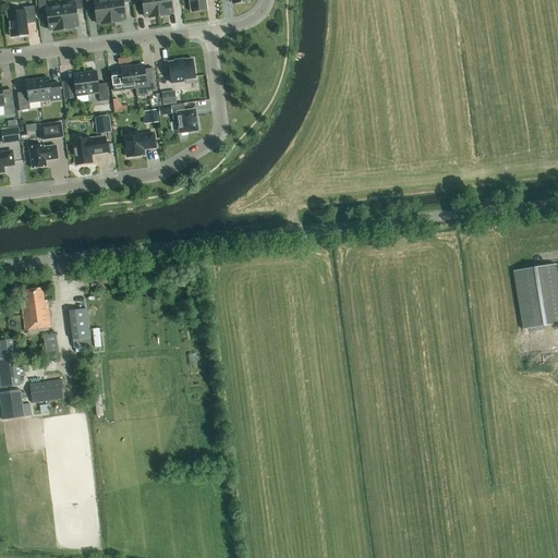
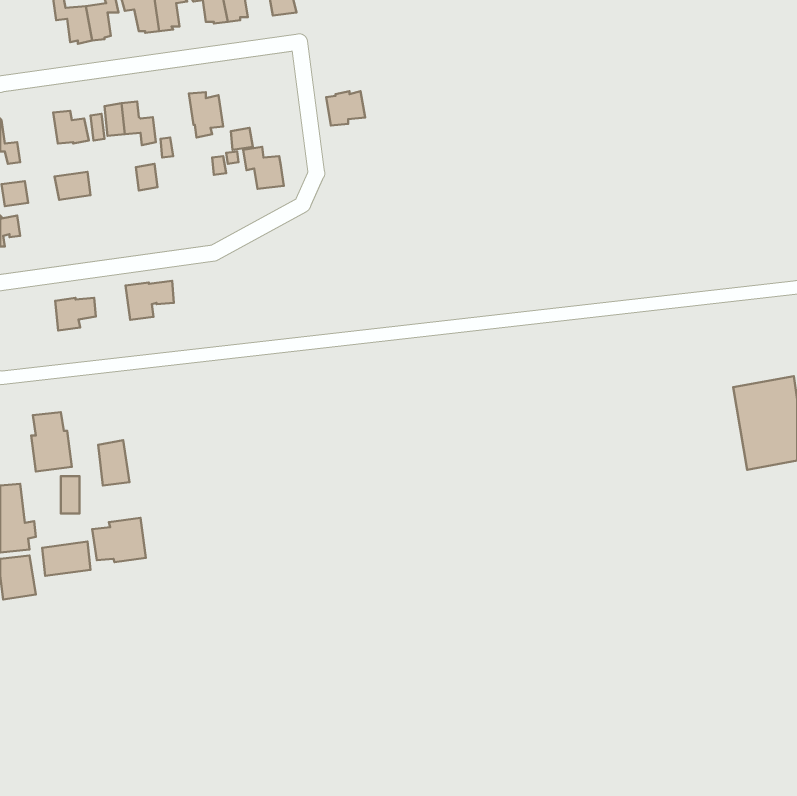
building: [8,5,36,36] -> none
building: [168,58,195,82] -> [326,91,365,125]
building: [111,65,135,90] -> none
building: [17,78,40,110] -> none
building: [124,132,155,157] -> none
building: [72,136,106,163] -> [125,281,174,320]
building: [29,145,58,168] -> [55,298,96,331]
building: none -> [92,518,146,562]

